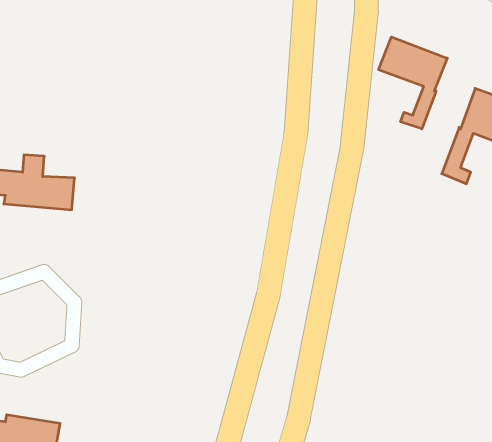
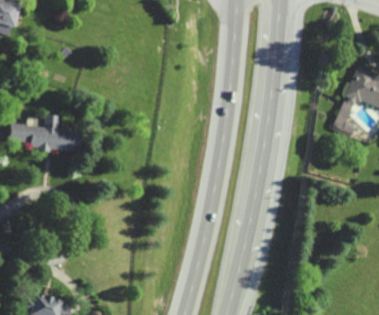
building: [379,37,447,129] -> none

